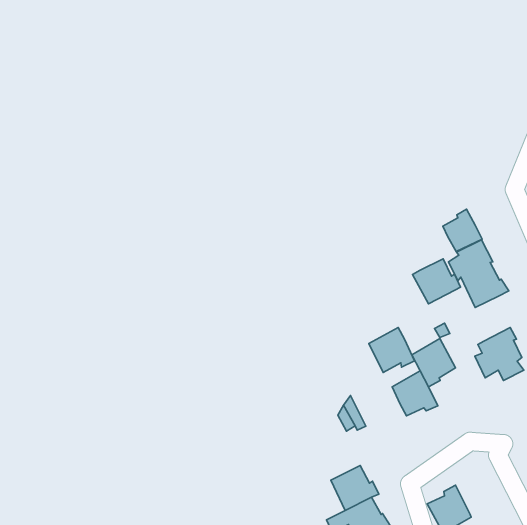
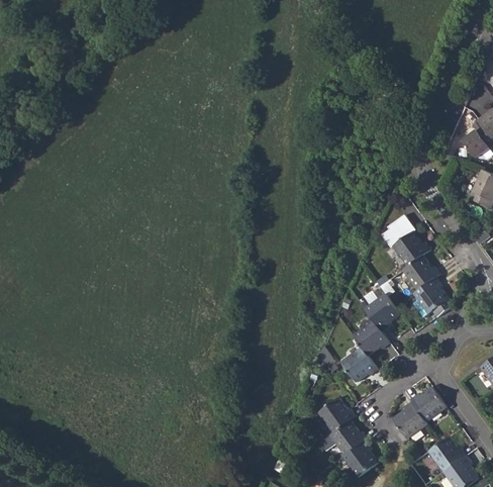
building: [443,209,482,251] -> none
building: [413,259,461,304] -> [402,256,439,291]
building: [369,328,415,372] -> [341,348,378,383]
building: none -> [410,387,447,422]

